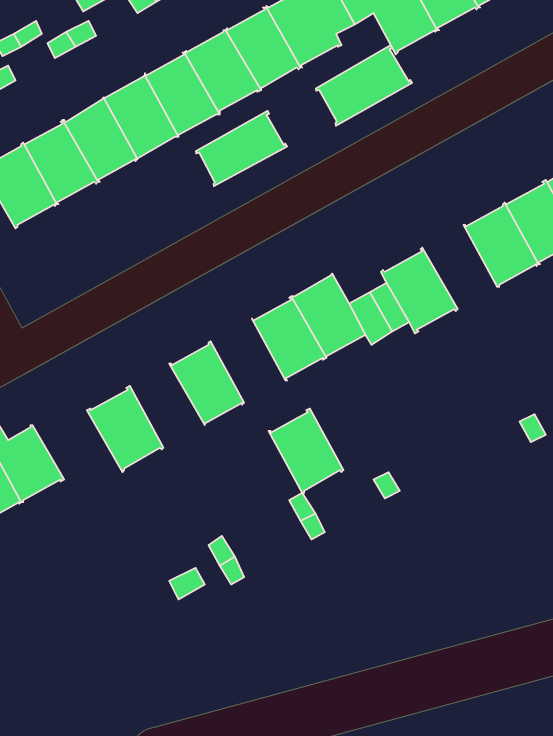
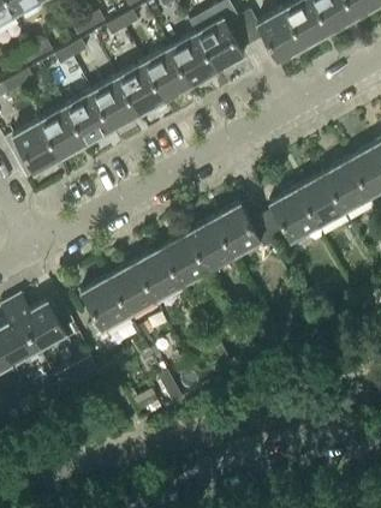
building: [316,45,412,126] -> none
building: [196,111,287,186] -> none
building: none -> [296,173,344,227]
building: none -> [108,262,156,316]
building: [269,408,343,493] -> [160,233,208,287]

